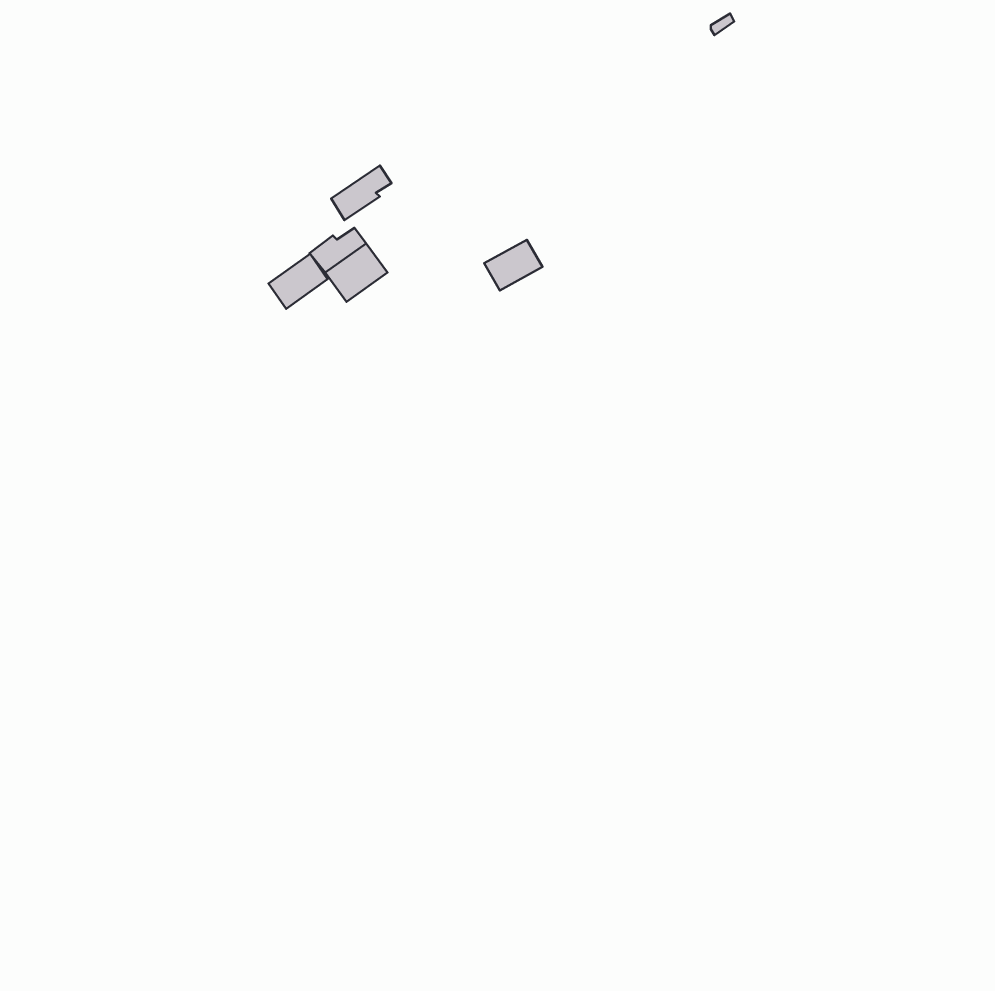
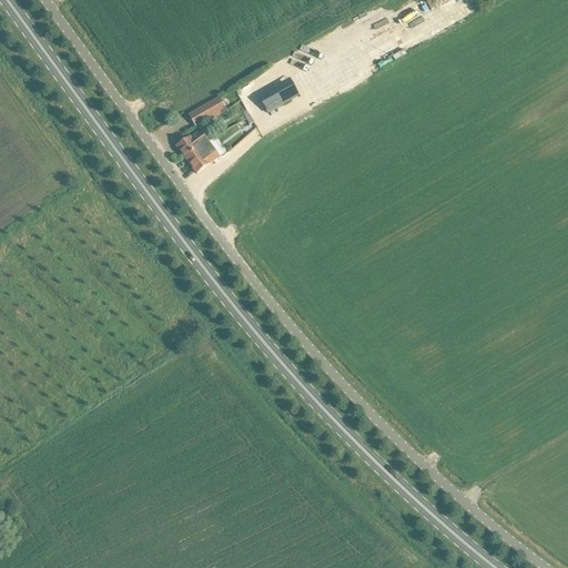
building: [484,240,543,290] -> [258,82,292,111]
building: [268,254,328,309] -> none

